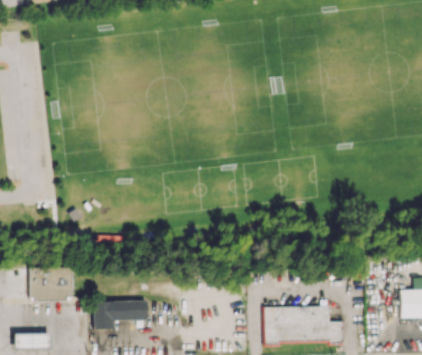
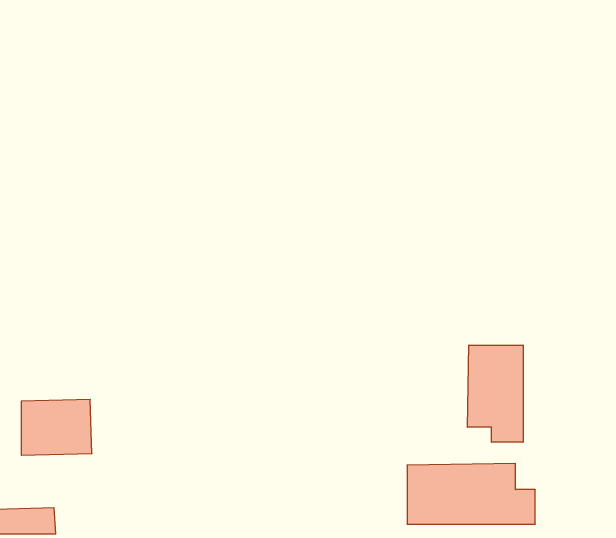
building: none -> [467,345,523,442]
building: [93,300,148,329] -> none

